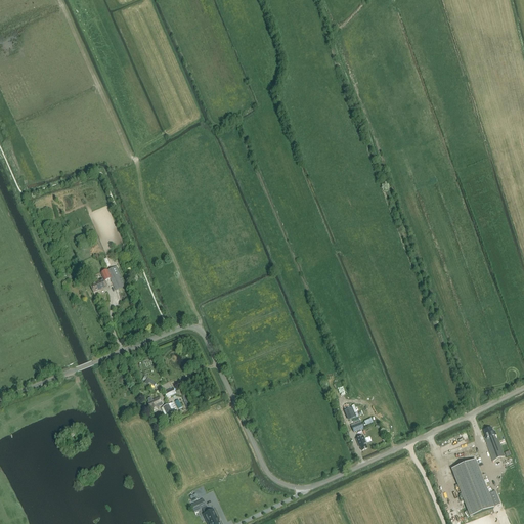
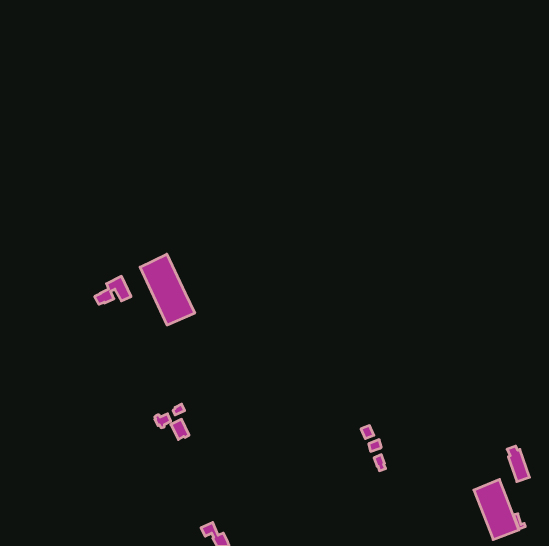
building: none -> [140,254,195,325]

